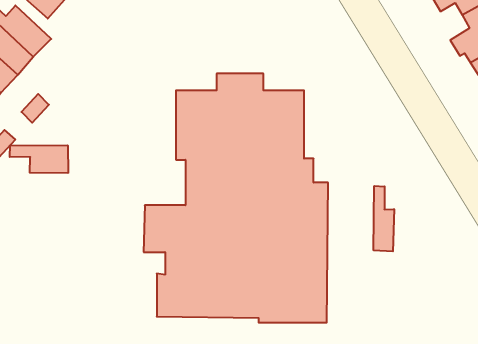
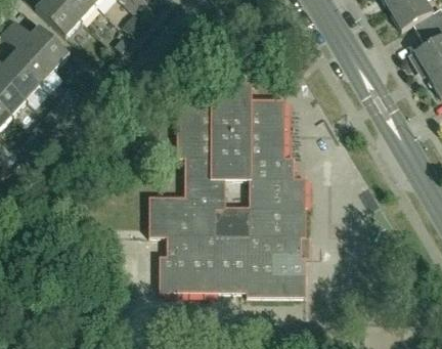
building: [10,145,68,173] -> none
building: [374,186,394,251] -> none

